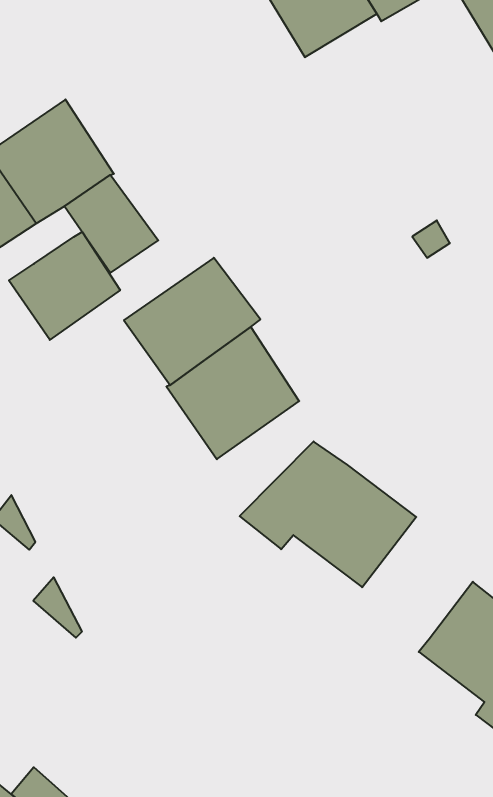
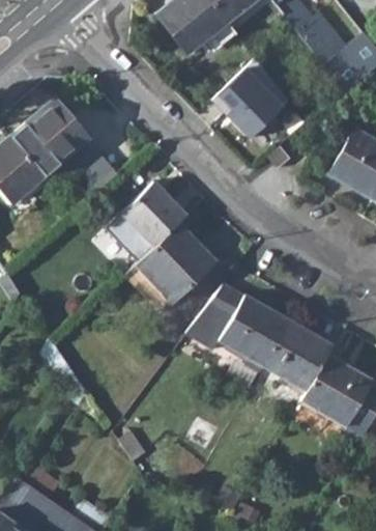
building: none -> [215,56,296,136]
building: [9,232,120,340] -> none
building: none -> [265,322,336,393]

